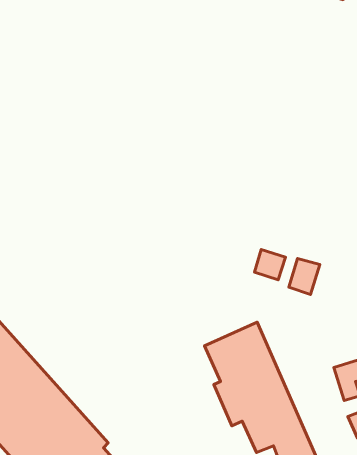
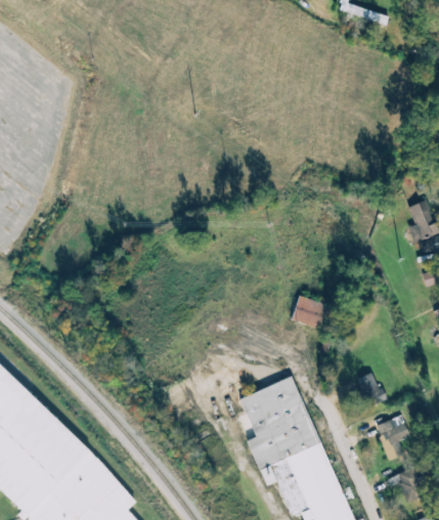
building: [289,258,320,294] -> none
building: none -> [358,372,384,405]

